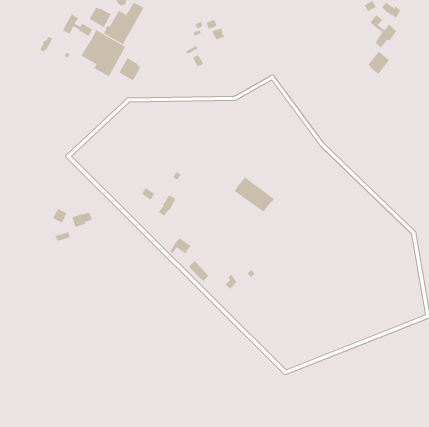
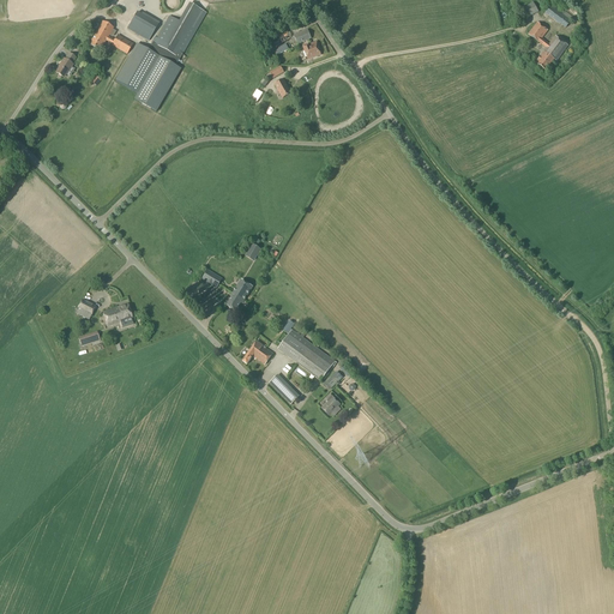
building: [368,51,390,75] -> none
building: [118,57,141,81] -> none
building: [234,177,275,213] -> [277,327,336,379]

